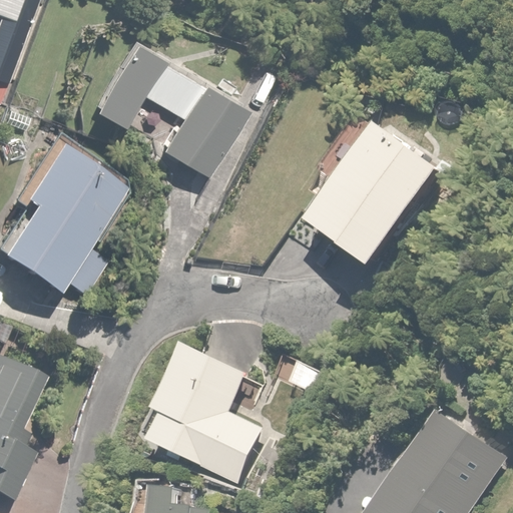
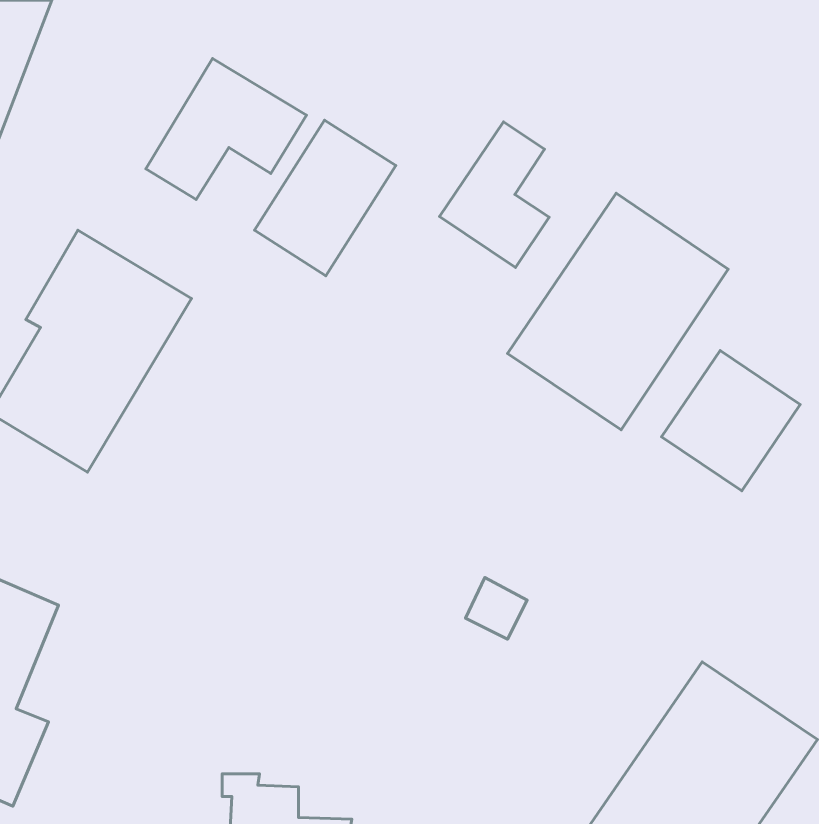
building: none -> [440,122,549,268]
building: none -> [662,350,800,491]
building: [153,345,270,487] -> none

